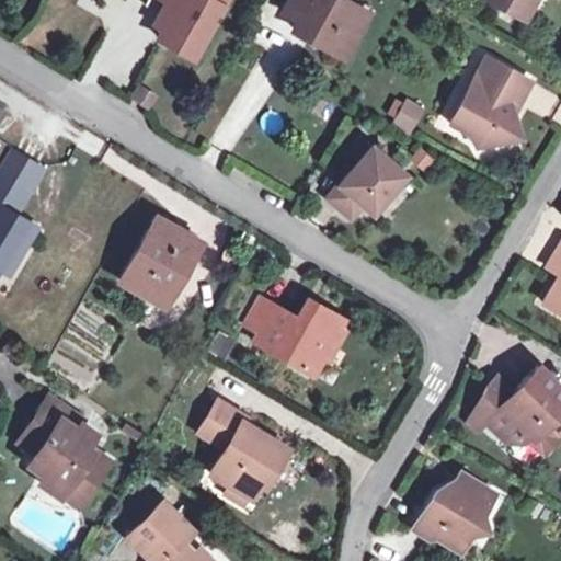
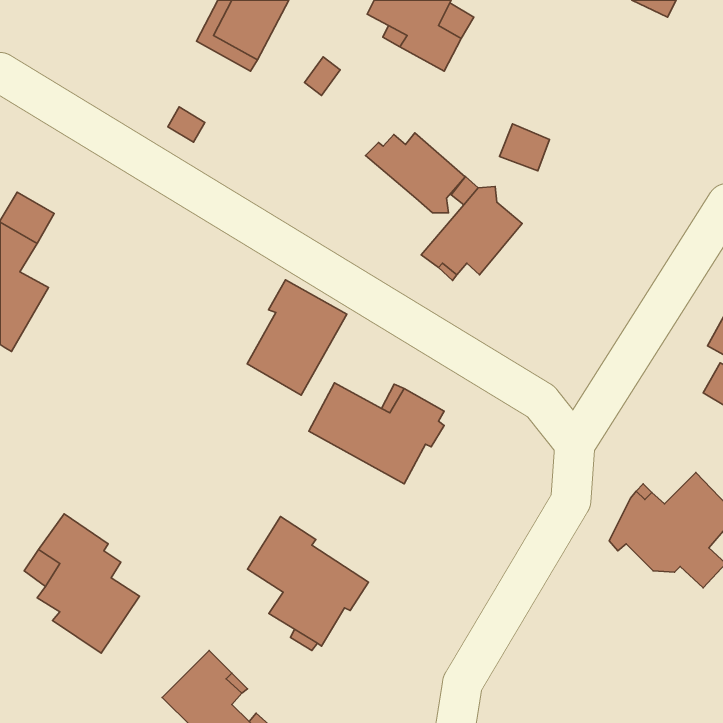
building: [450,58,530,148] -> none
building: none -> [366,133,465,213]
building: [123,216,199,305] -> [247,280,347,395]
building: [413,473,496,552] -> none

